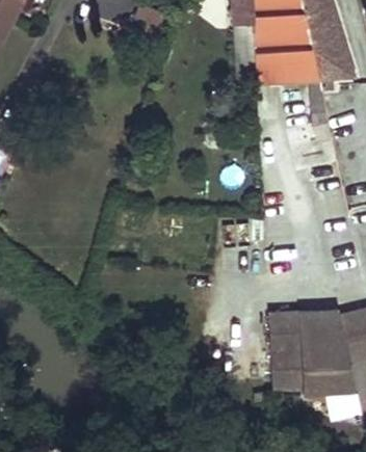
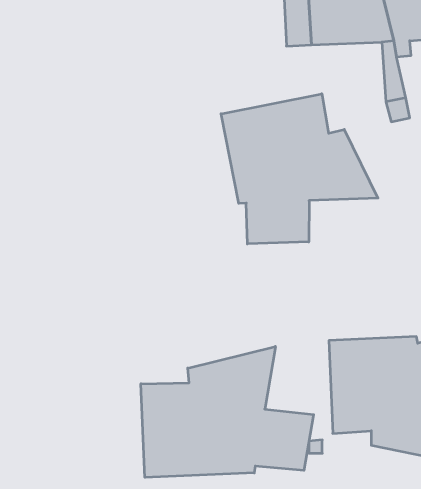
building: none -> [221,94,378,244]
building: none -> [141,346,314,477]

